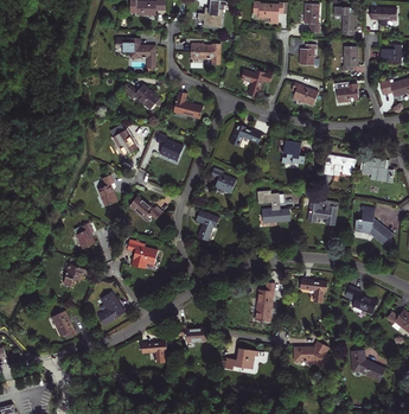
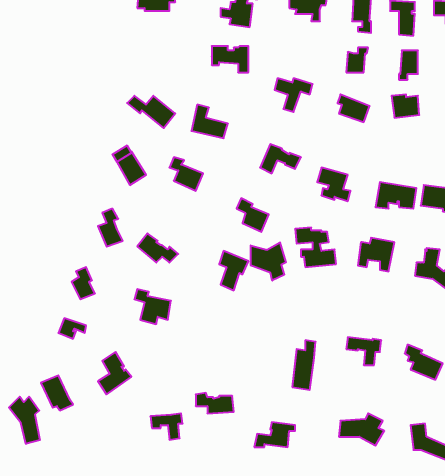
building: [117,37,155,68] -> none
building: none -> [251,242,286,281]
building: none -> [9,397,40,444]

